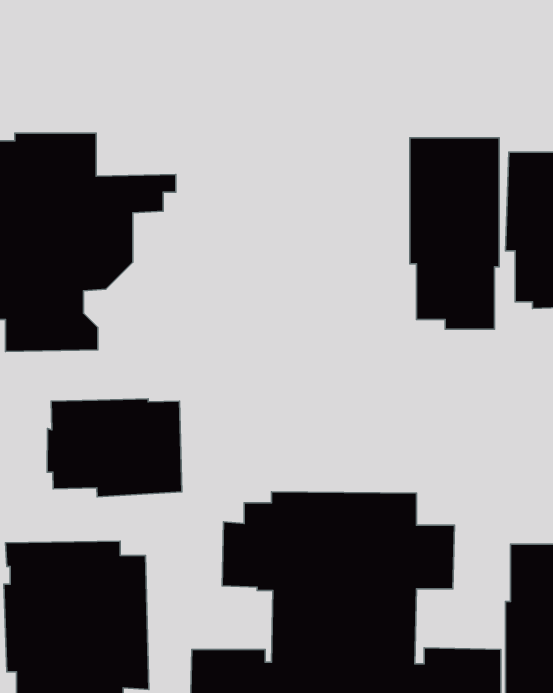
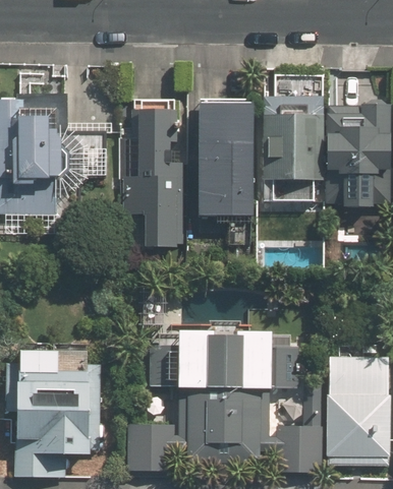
building: none -> [201,103,255,213]
building: none -> [128,111,184,246]
building: [47,399,182,497] -> none

